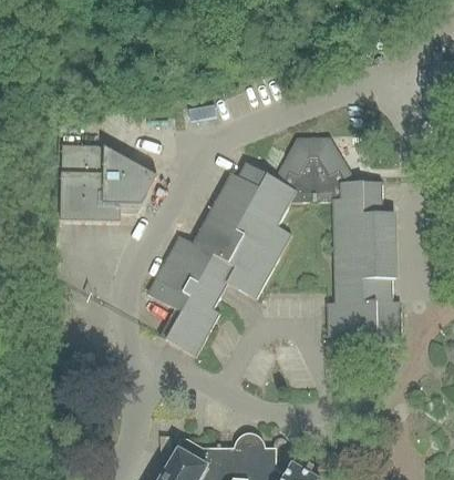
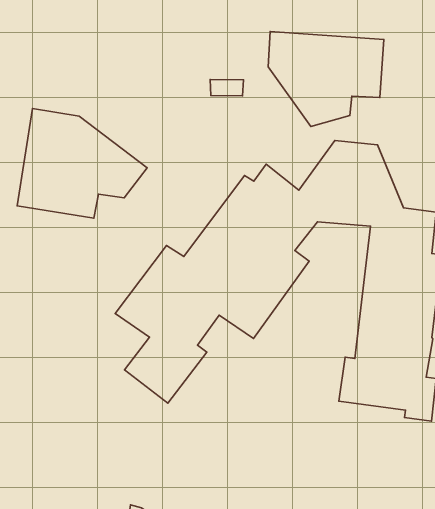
building: none -> [268,31,384,126]

